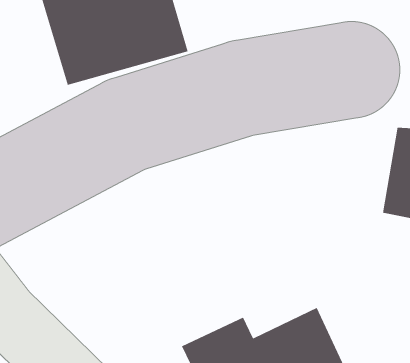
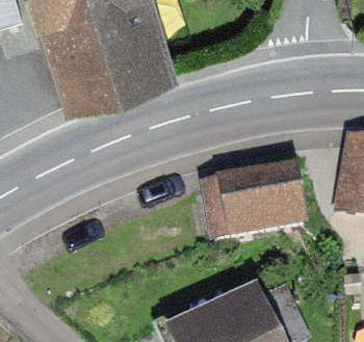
building: none -> [203,167,302,235]

